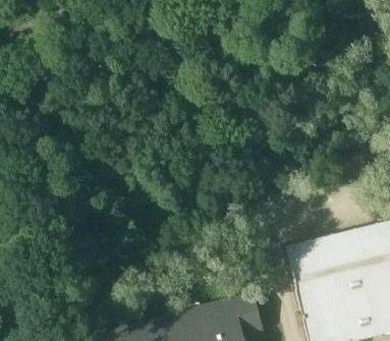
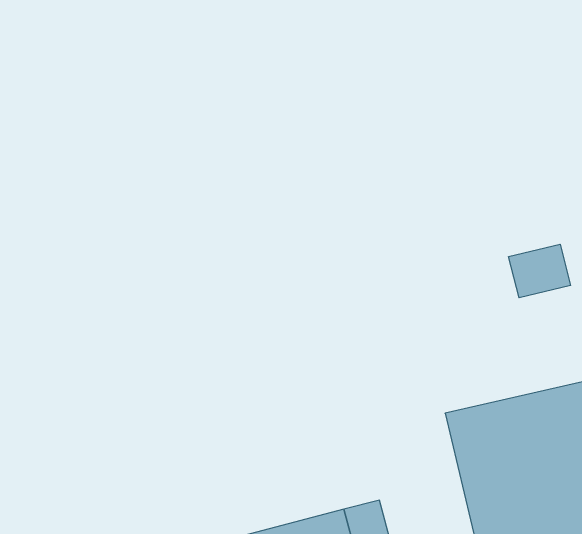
building: none -> [509,244,571,298]

